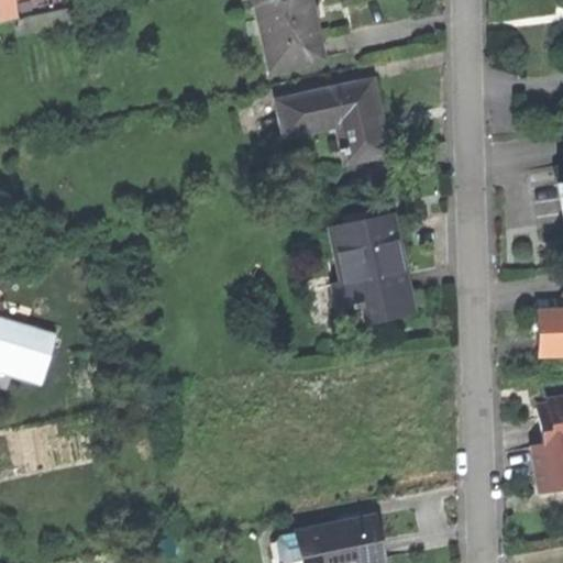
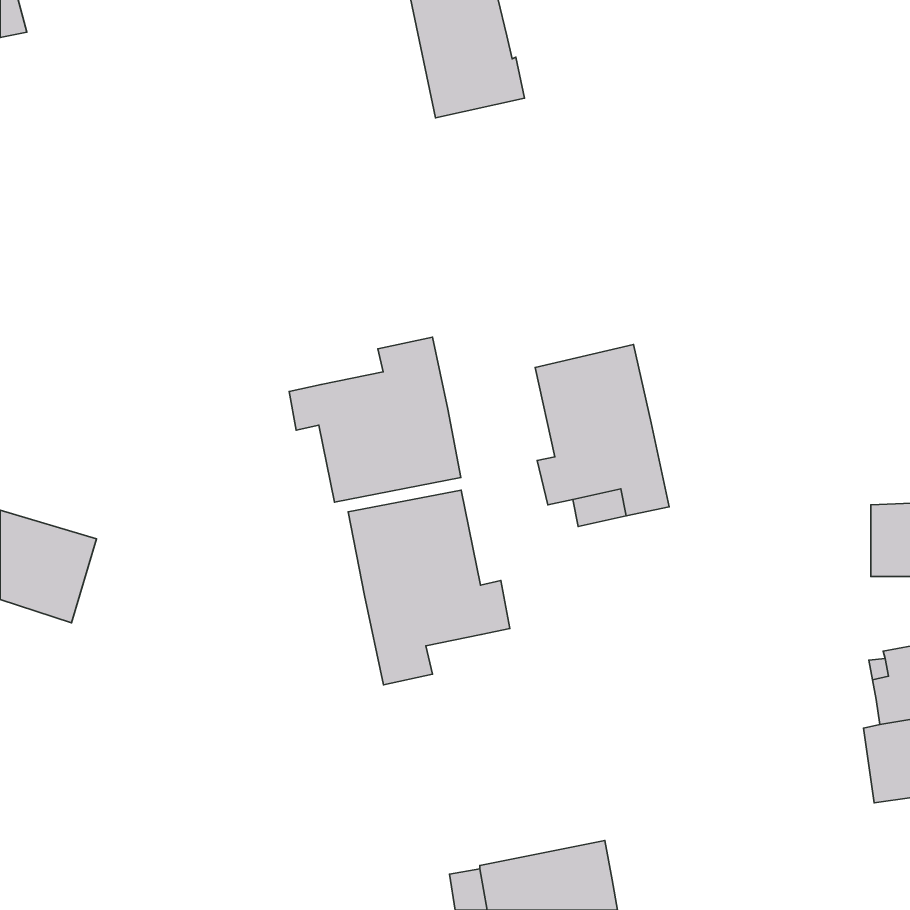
building: [276,80,388,163] -> none
building: none -> [289,337,461,502]
building: none -> [348,490,510,685]

